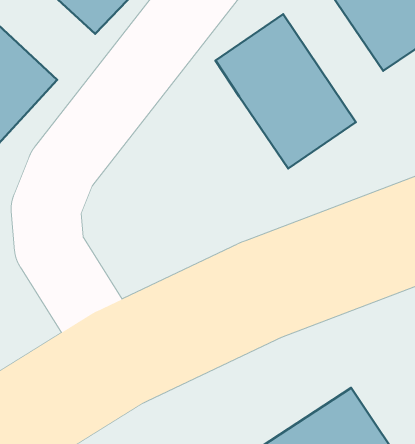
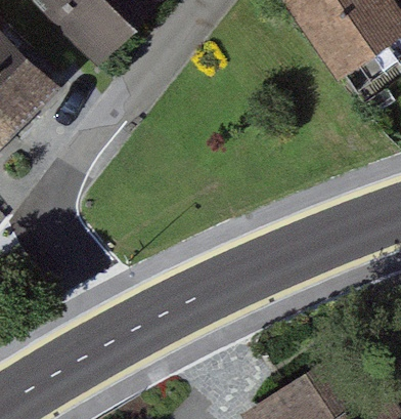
building: [215,14,356,169] -> none

